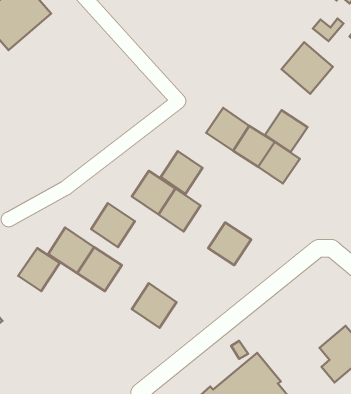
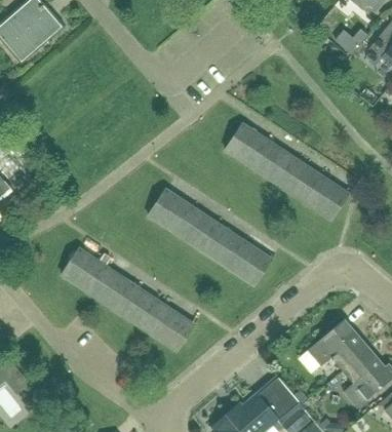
building: [282,42,333,94] -> none
building: [265,110,307,152] -> [305,176,349,220]
building: [161,151,203,194] -> [202,225,245,269]
building: [91,203,135,247] -> [121,286,166,331]
building: [18,248,60,291] -> none
building: none -> [309,319,369,371]

